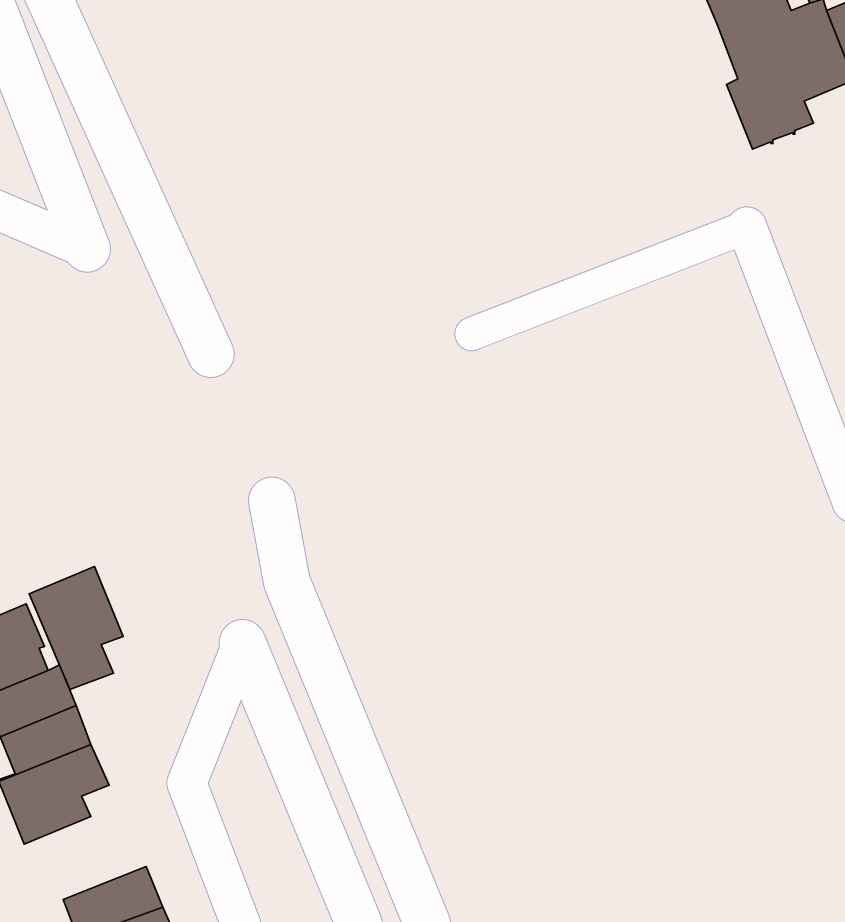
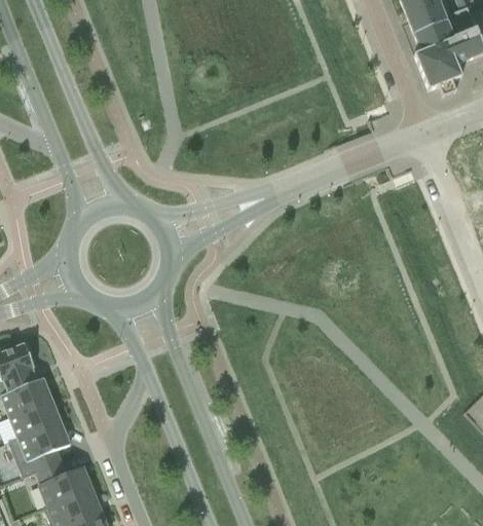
building: [29,567,123,690] -> none
building: none -> [23,461,90,508]

